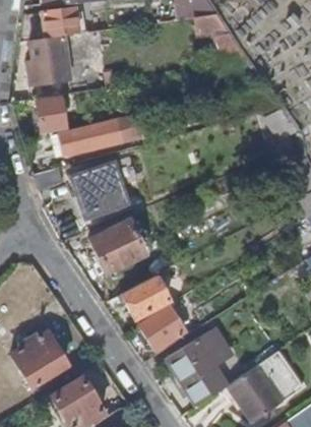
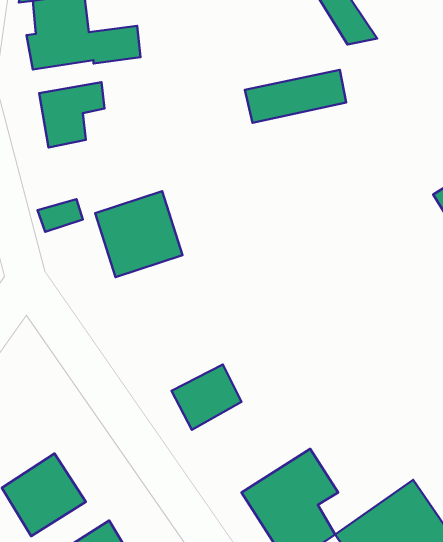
building: [57,120,123,155] -> [245,70,346,123]
building: [89,221,144,272] -> none
building: [137,305,183,350] -> none

